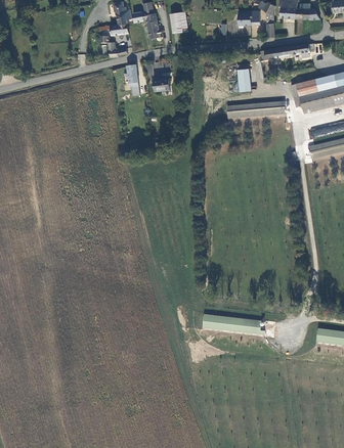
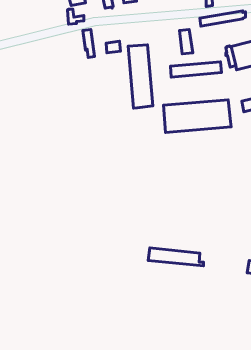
building: none -> [128,45,153,108]
building: none -> [164,100,231,133]

